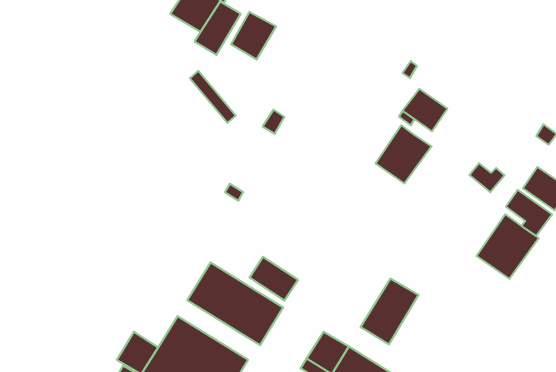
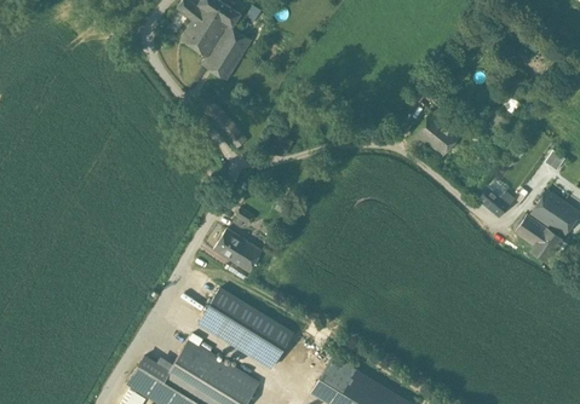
building: [231,12,276,60] -> none
building: [376,125,432,184] -> none
building: [476,214,539,279] -> none
building: [249,257,298,301] -> [214,230,263,273]
building: [361,278,419,344] -> none

